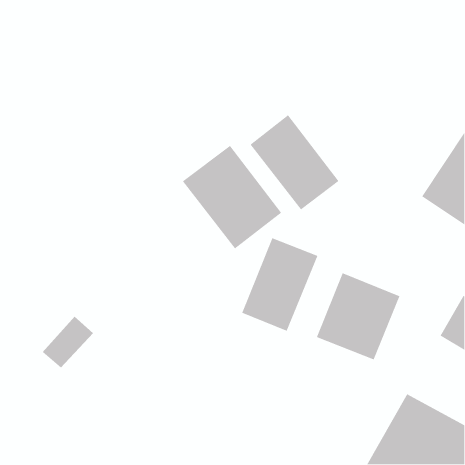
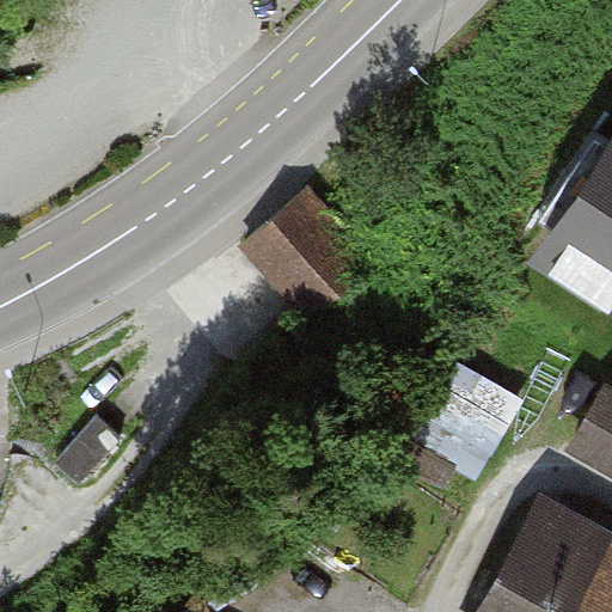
building: [250,114,339,211] -> none
building: [241,237,319,332] -> none

